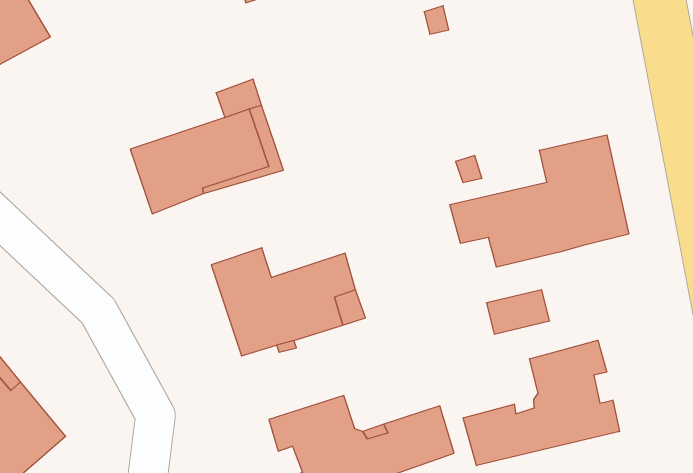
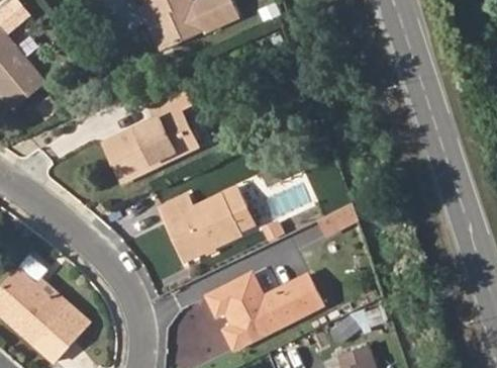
building: [450,135,629,267] -> none
building: [463,340,620,466] -> none

